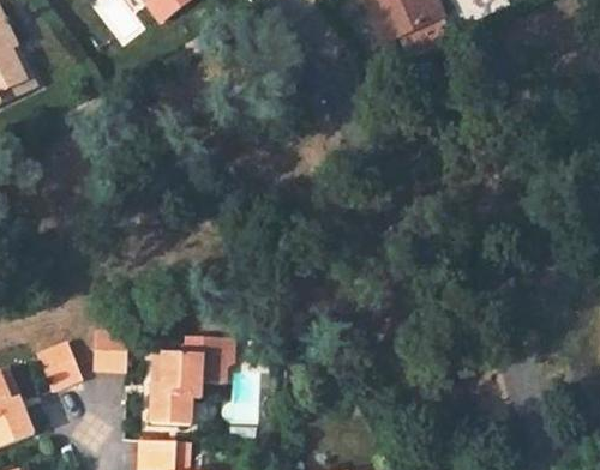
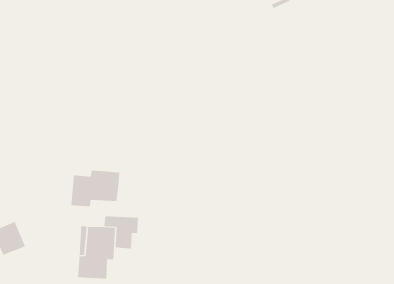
building: none -> [71,170,120,207]
building: [89,332,122,373] -> none

